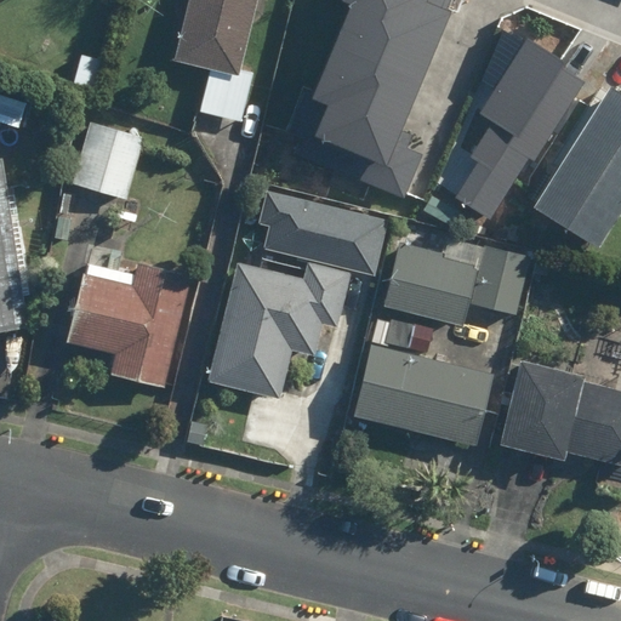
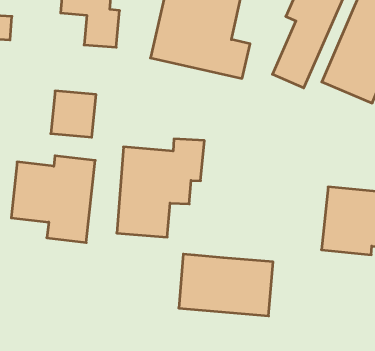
building: [74,126,146,199] -> [51,91,96,137]
building: [256,190,383,274] -> none
building: [386,243,529,323] -> none
building: [353,343,495,448] -> [179,254,273,316]

